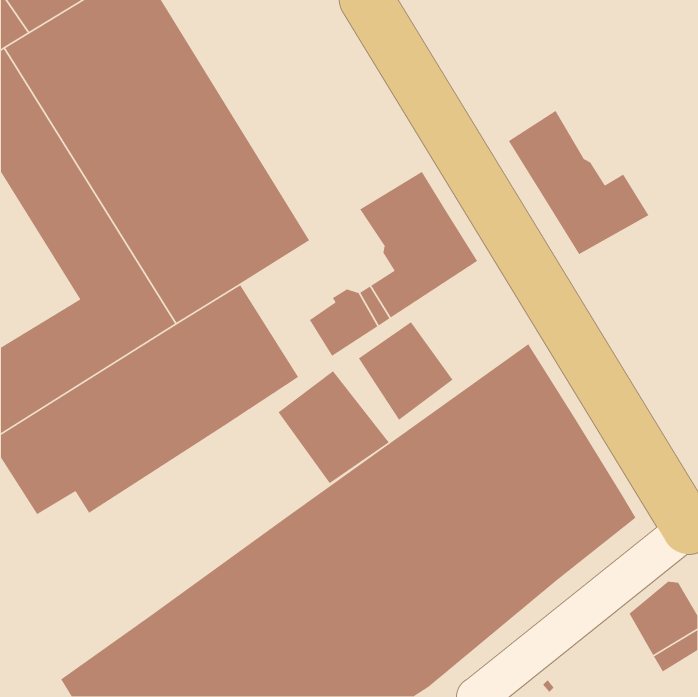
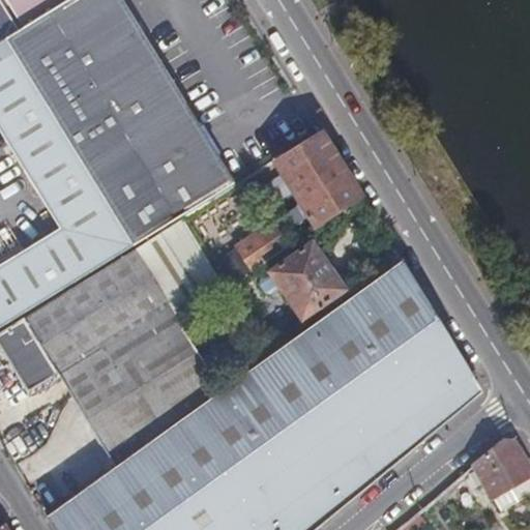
building: [508,110,649,255] -> none
building: [278,370,390,484] -> none
building: none -> [67,323,218,466]

